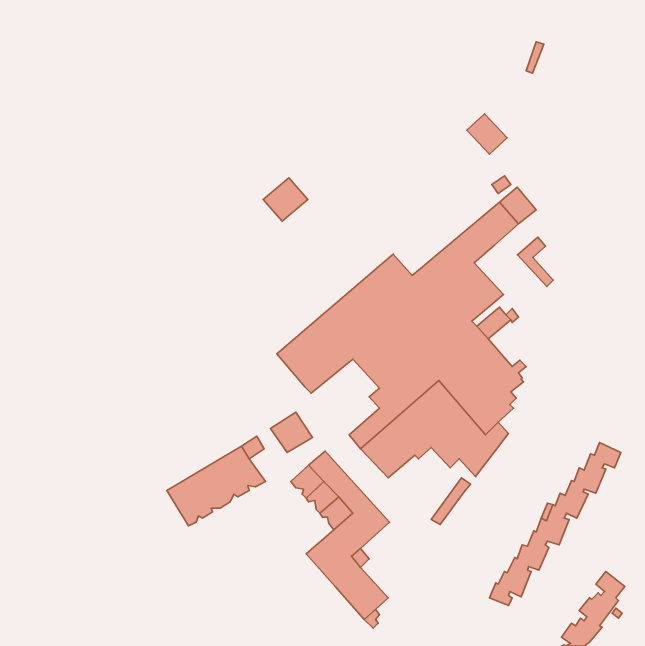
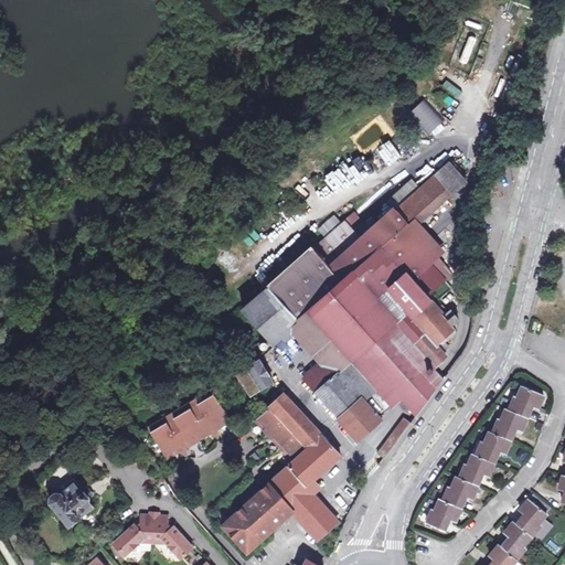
building: [263,178,308,221] -> none
building: [518,237,553,287] -> [414,214,445,257]
building: none -> [271,313,331,380]
building: none -> [339,397,382,440]
building: none -> [50,479,93,526]
building: none -> [221,483,292,553]
building: none -> [113,513,192,555]

